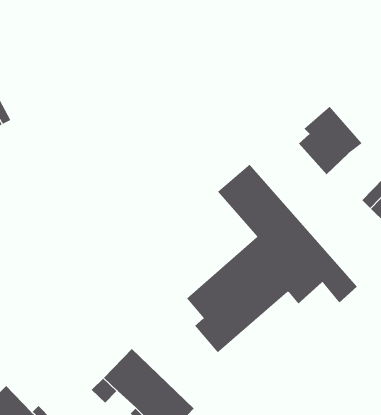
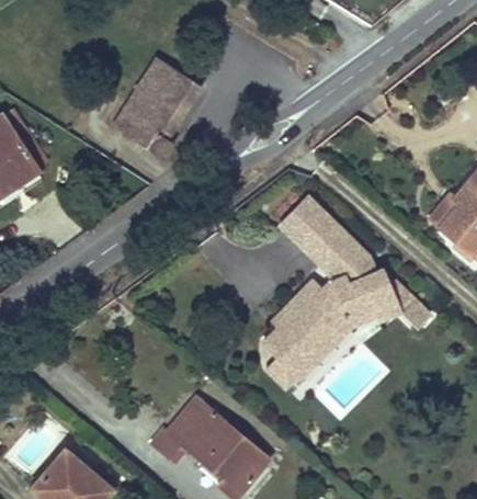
building: none -> [113,59,202,161]
building: [298,106,363,175] -> none

